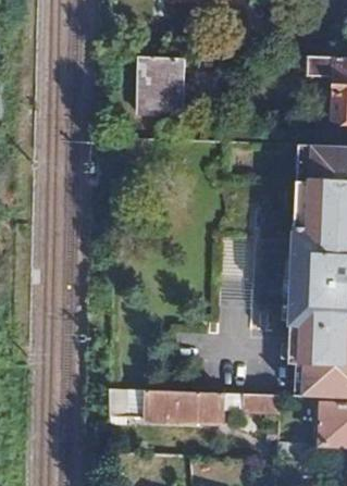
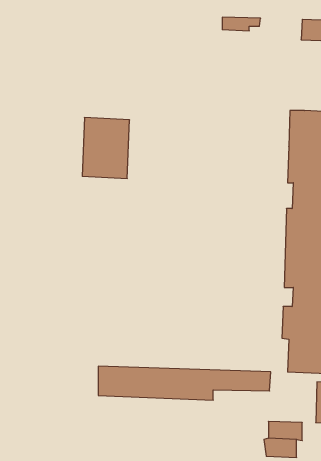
building: [136,58,182,116] -> [82,118,130,178]

